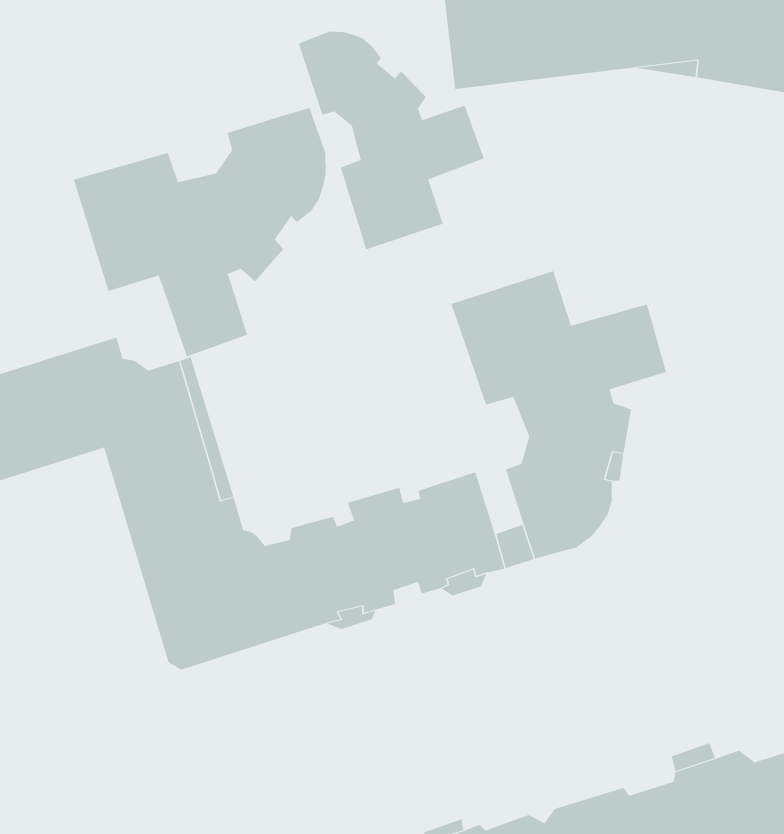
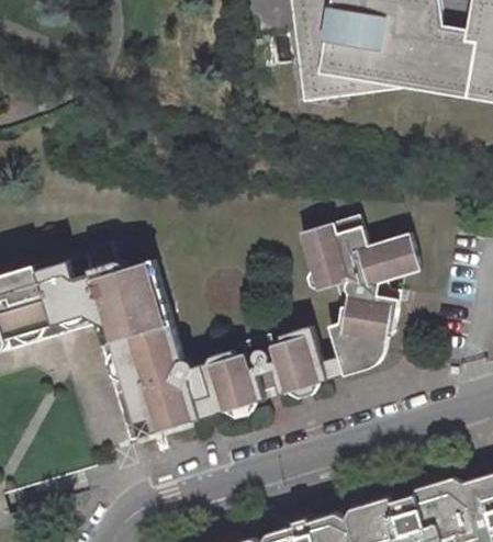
building: [298,31,485,250] -> none
building: [73,107,326,357] -> none

